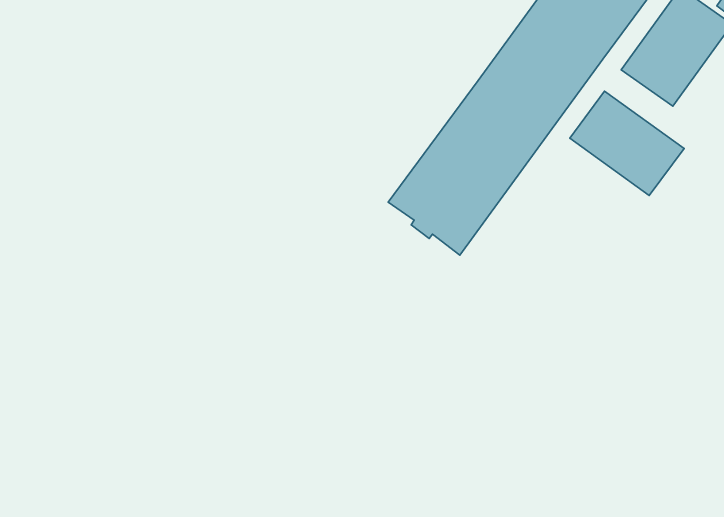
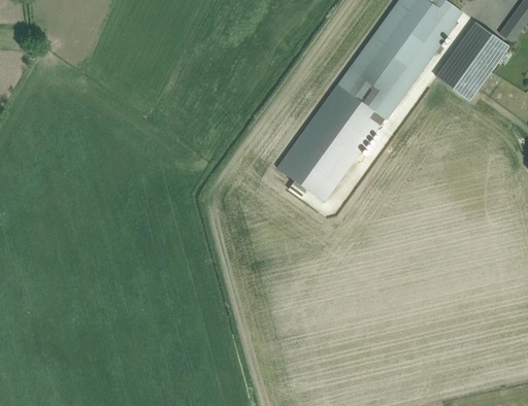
building: [570,91,684,196] -> none

